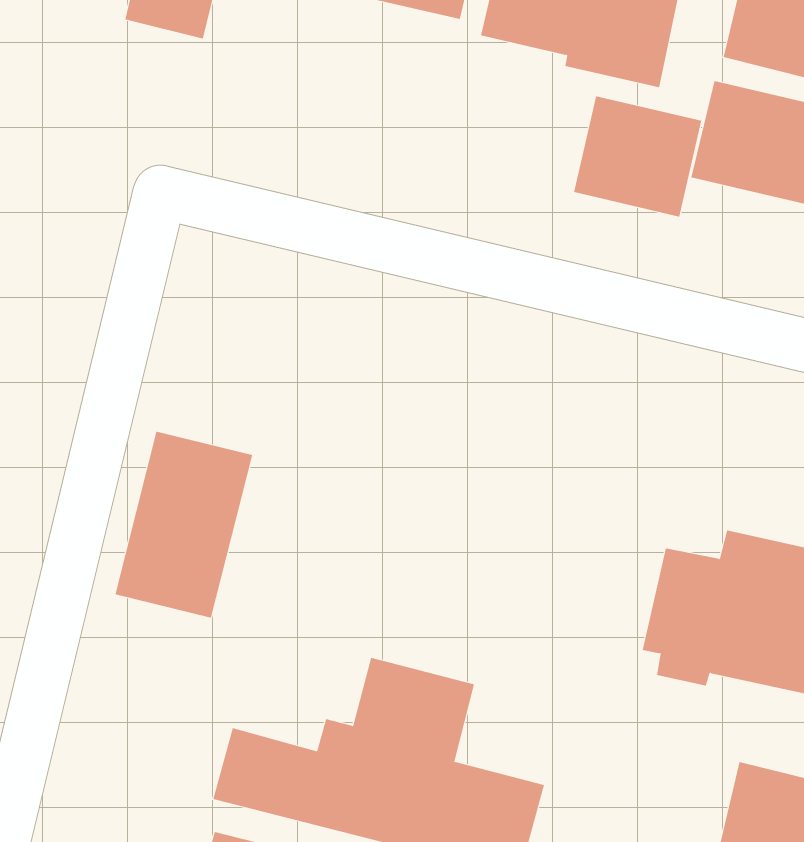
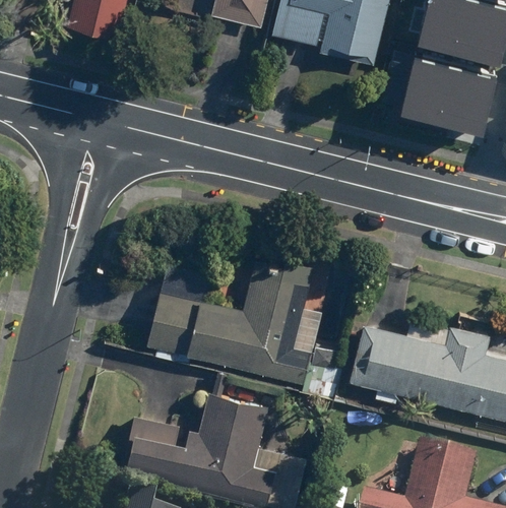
building: [574,95,702,217] -> none
building: none -> [148,248,329,385]
building: [115,431,253,619] -> none

